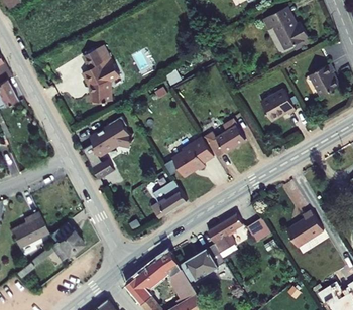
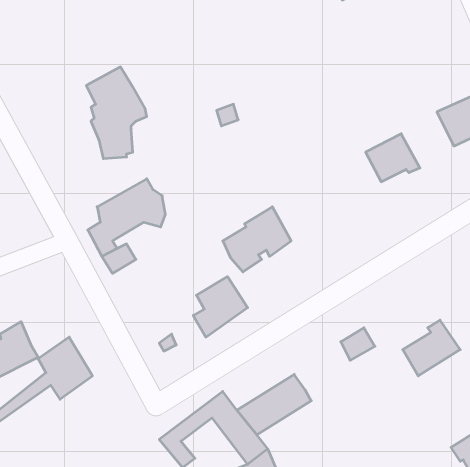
building: [264,7,309,49] -> none
building: [208,118,246,153] -> none
building: [206,210,242,255] -> none

